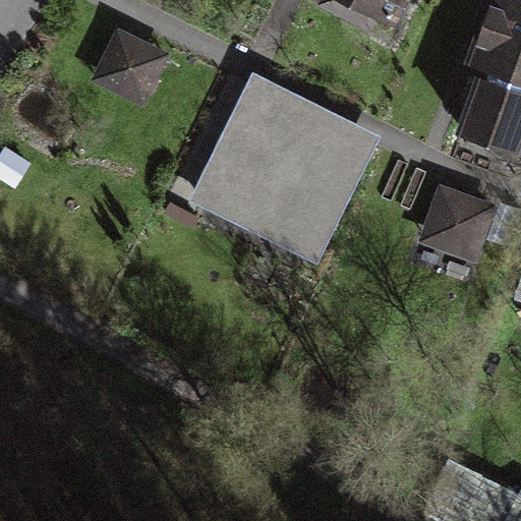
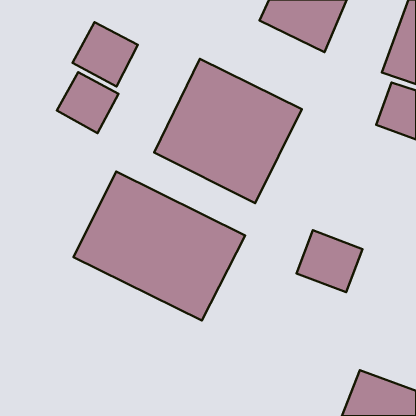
building: none -> [57,72,119,133]
building: [421,185,504,263] -> [297,230,363,292]
building: none -> [73,172,245,321]

